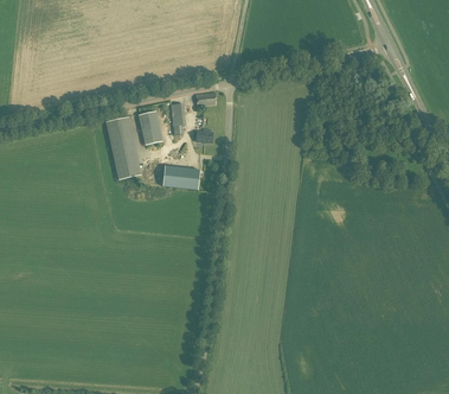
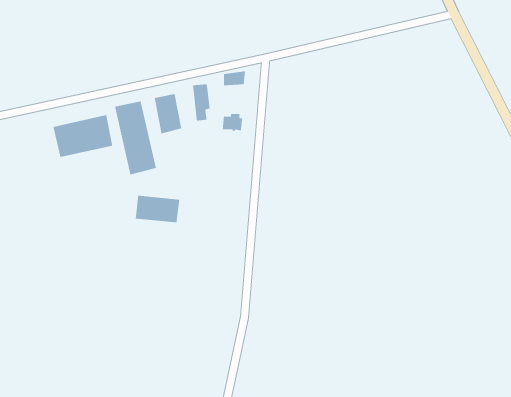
building: none -> [52,114,113,158]
building: [162,165,200,189] -> [135,195,180,223]

